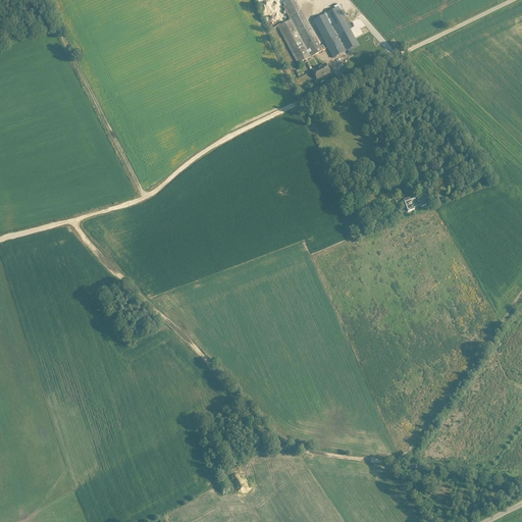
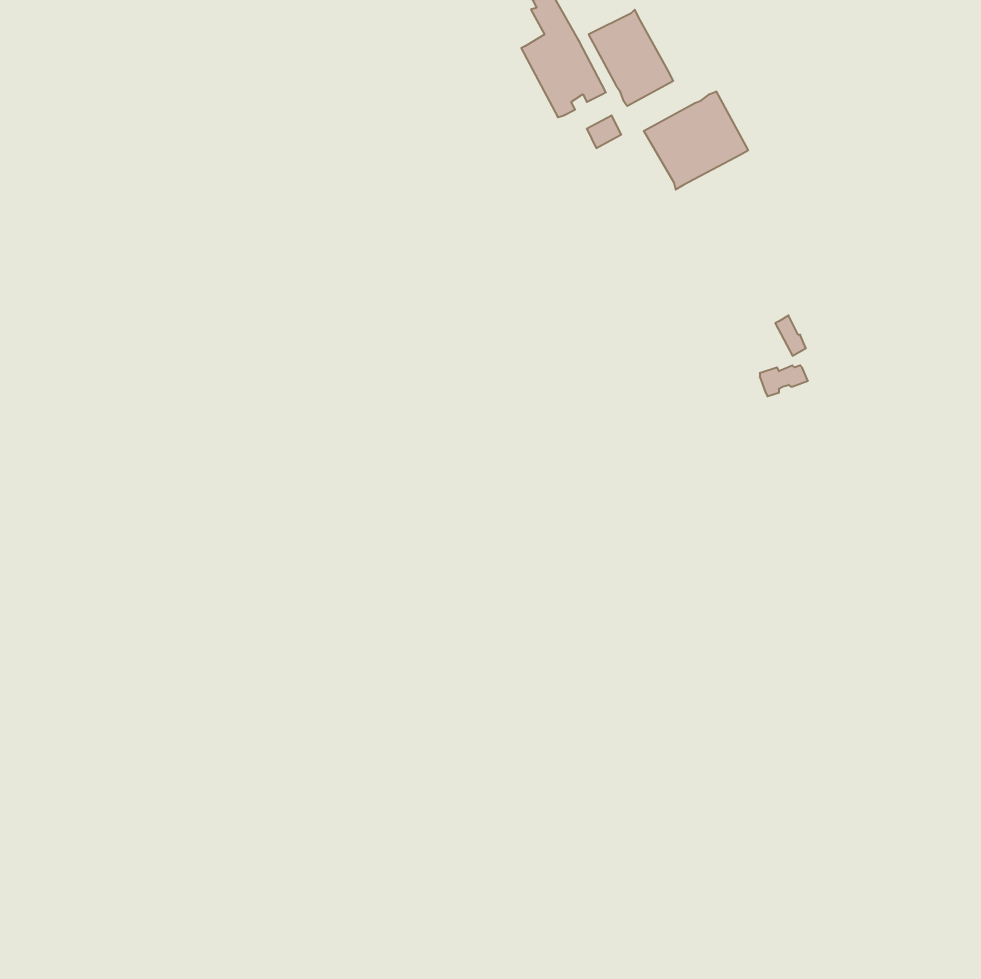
building: none -> [644,91,748,190]

